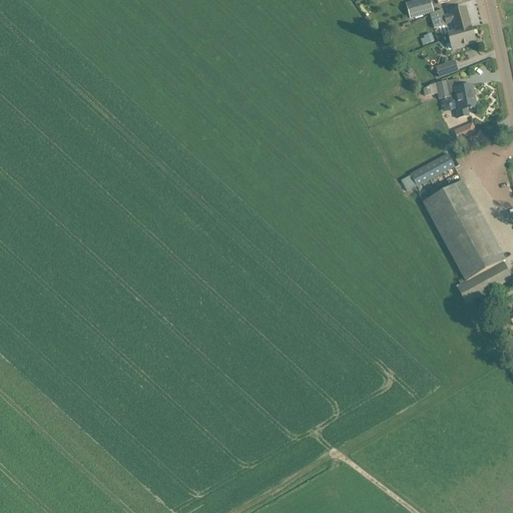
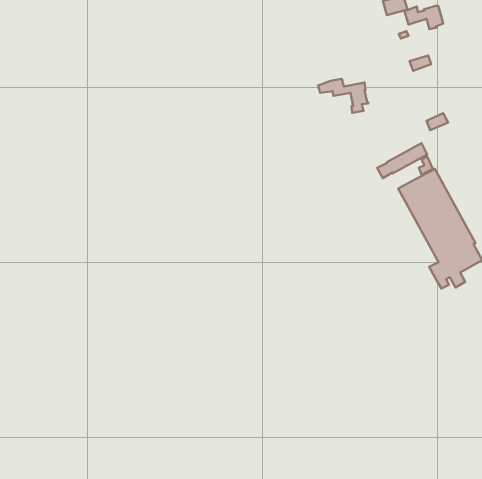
building: [448,25,476,47] -> none
building: [423,79,476,115] -> [318,79,368,113]

